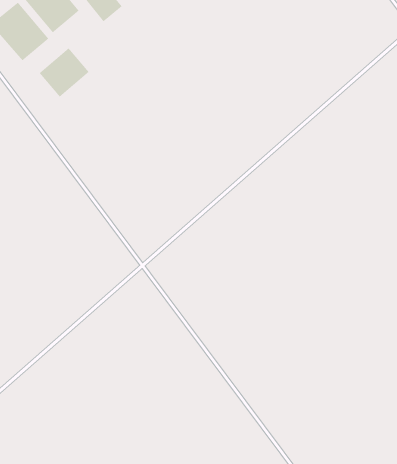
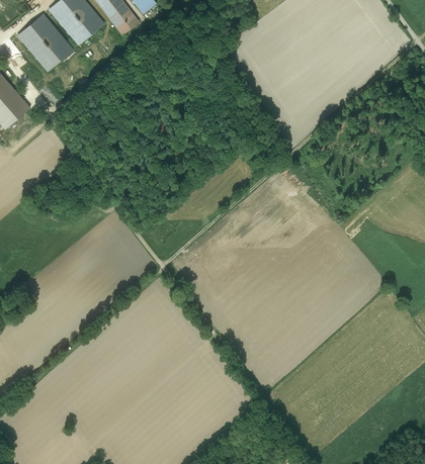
building: [39,47,89,97] -> none

